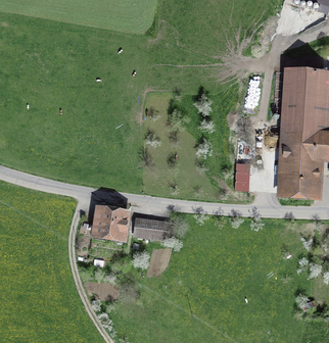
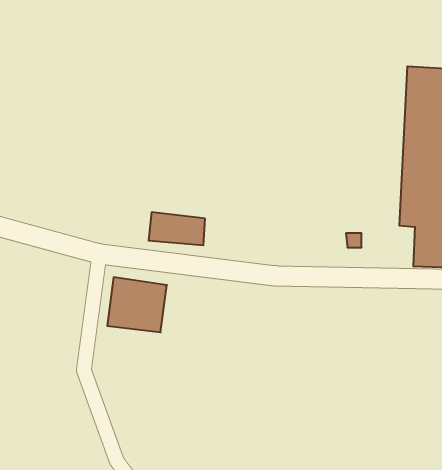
building: [132,215,169,237] -> [149,212,205,245]

